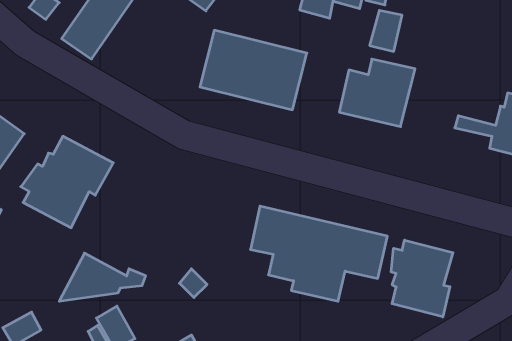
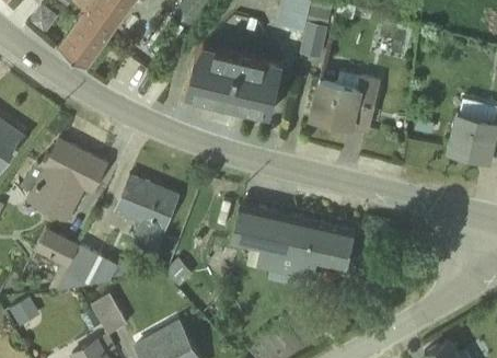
building: [370,10,402,51] -> [300,23,330,60]
building: none -> [115,176,178,253]
building: none -> [35,229,80,290]
building: [391,240,453,317] -> none

